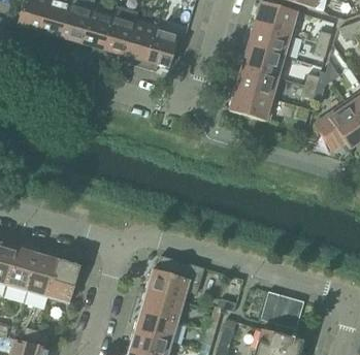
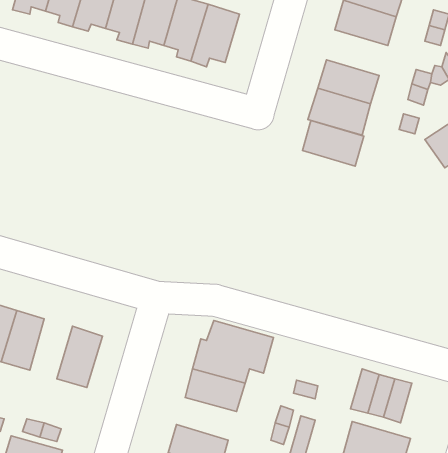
building: [242,44,287,77] -> [302,120,364,166]
building: [28,254,59,297] -> none
building: [134,311,177,342] -> none

